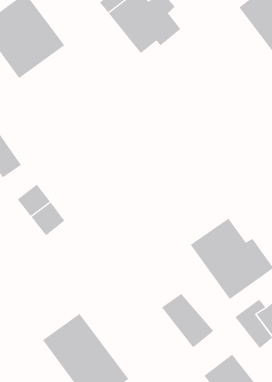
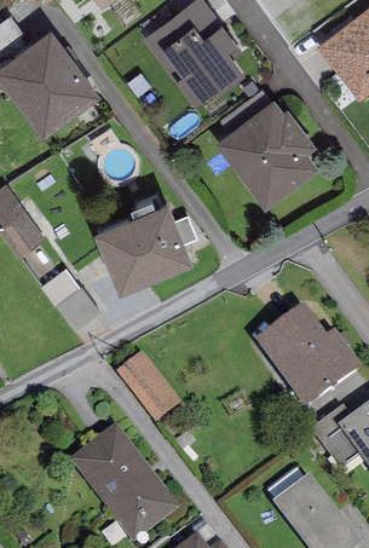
building: none -> [213,94,318,206]
building: none -> [93,195,192,285]
building: [161,293,214,348] -> [115,356,181,425]

